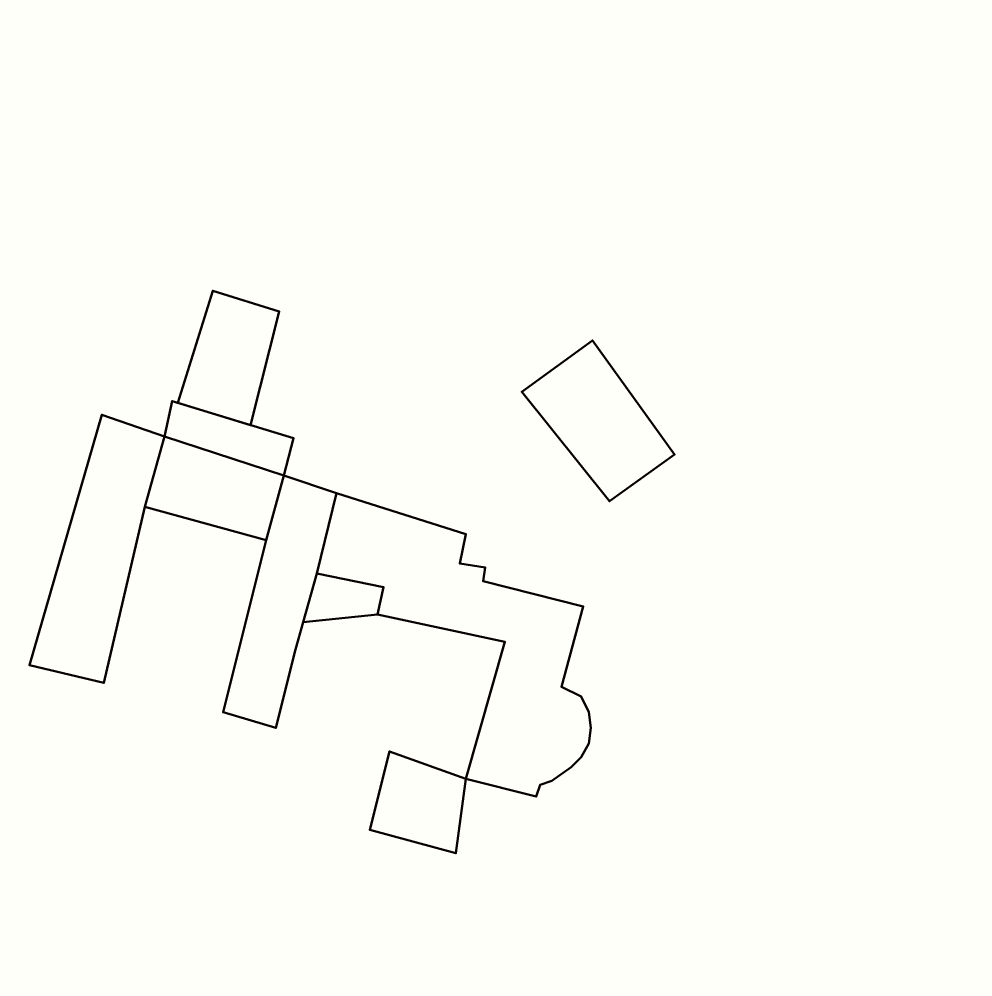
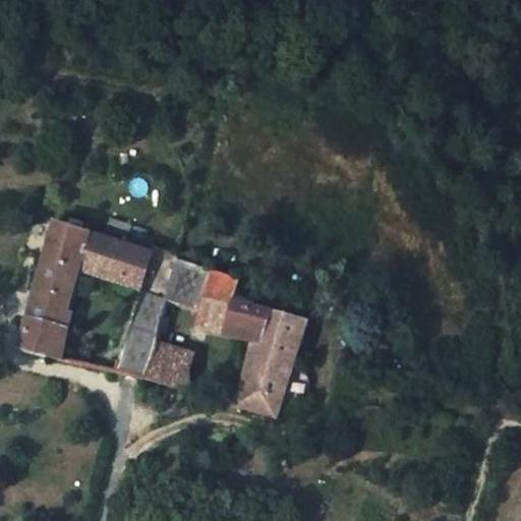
building: [178,291,279,425] -> none
building: [522,341,674,501] -> none
building: [370,751,466,853] -> [143,340,193,393]

